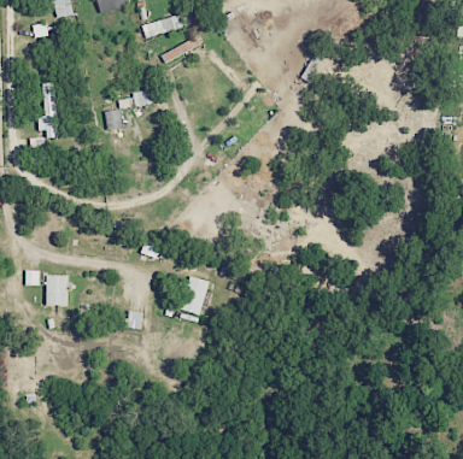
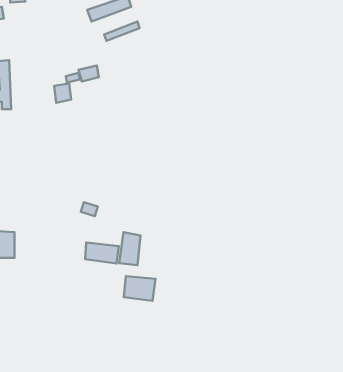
building: none -> [85,243,119,264]
building: none -> [124,276,156,301]

